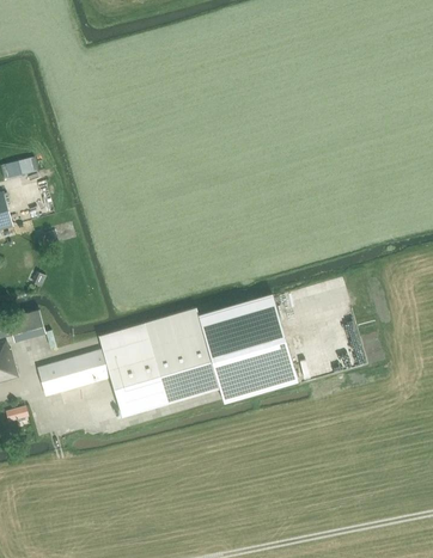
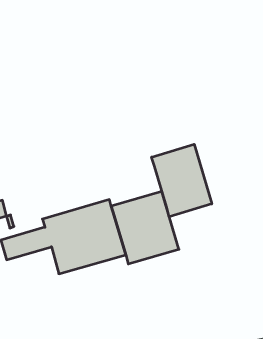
building: none -> [152,144,212,217]

